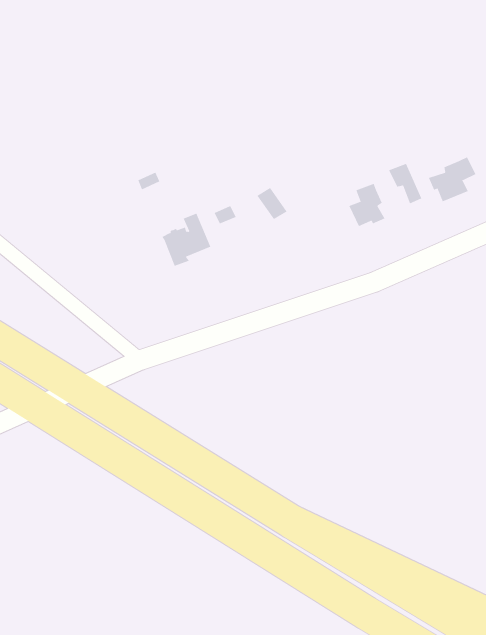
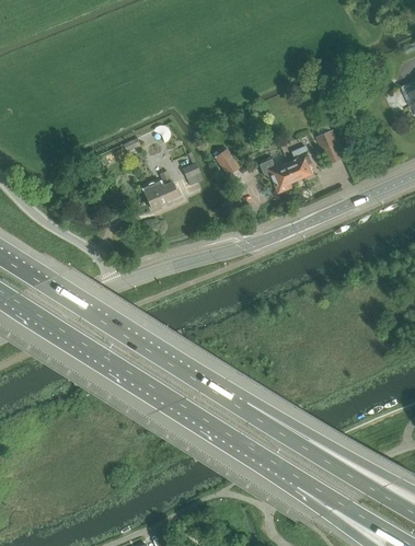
building: [428,157,476,202] -> none
building: none -> [261,160,292,191]

